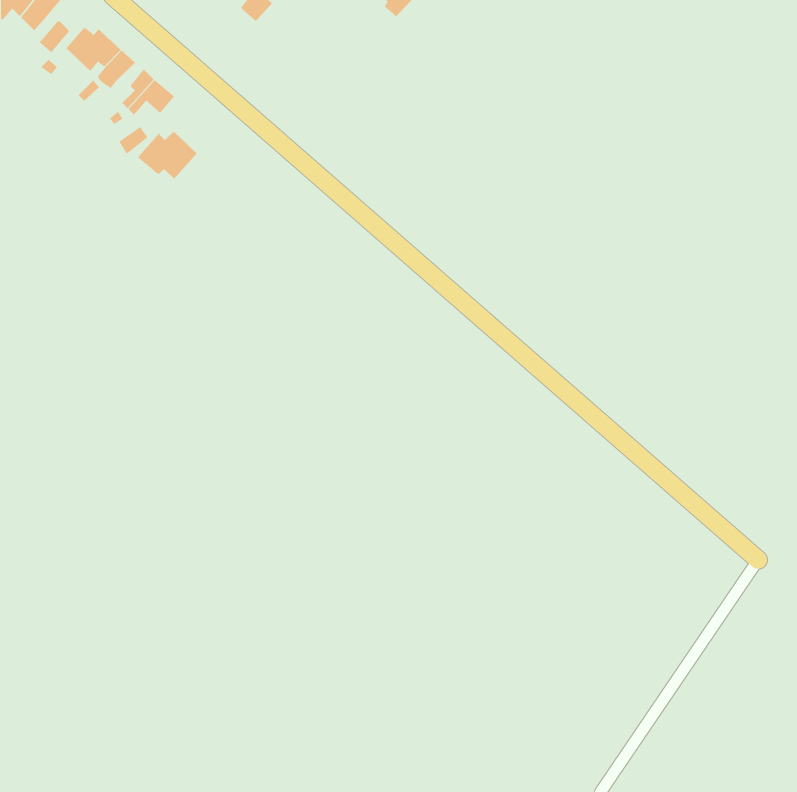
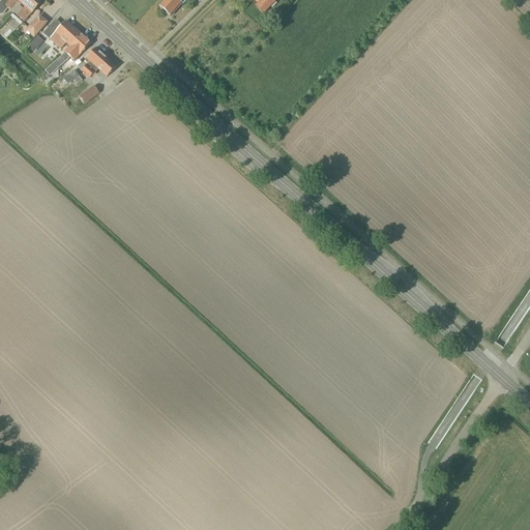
building: [137,131,197,180] -> none

